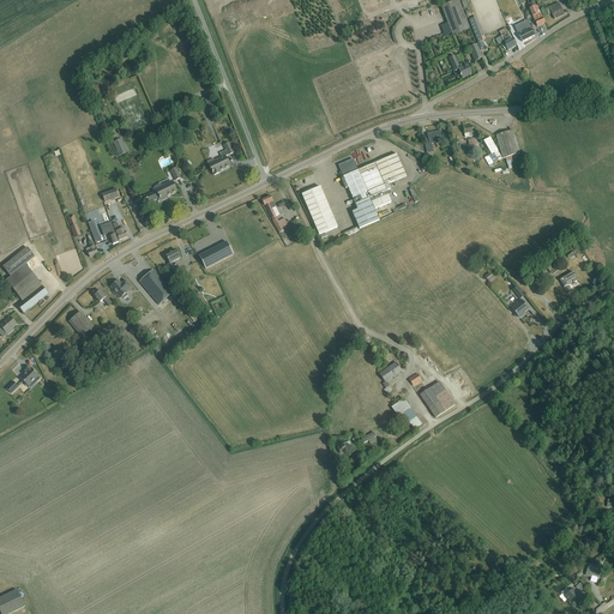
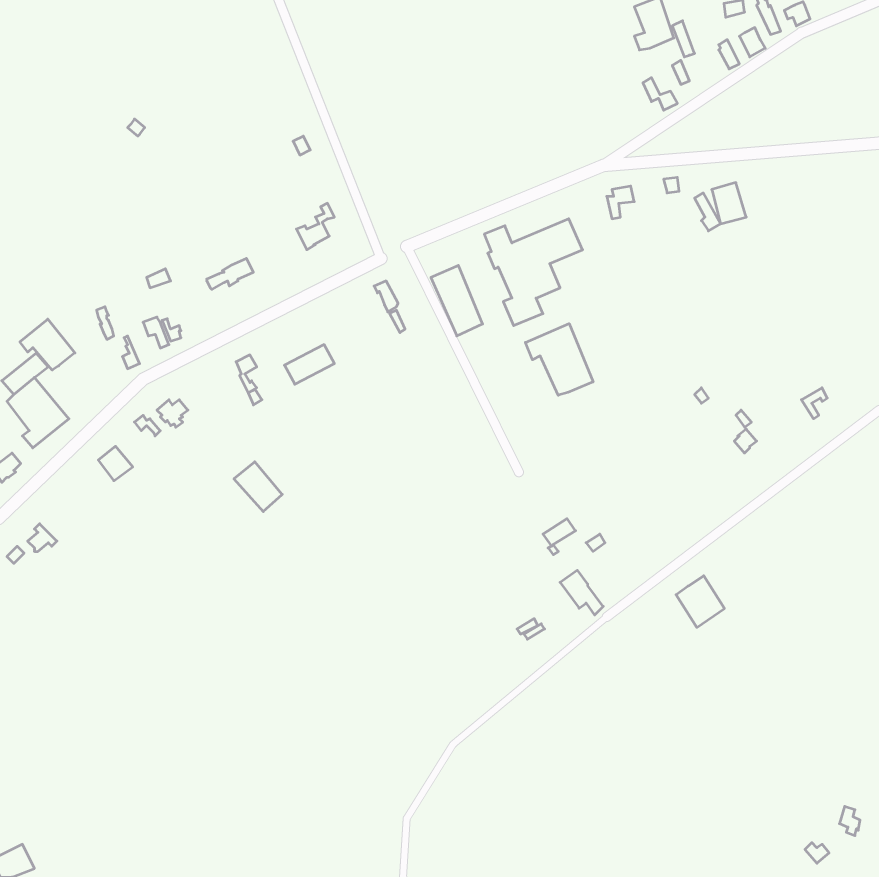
building: none -> [20,319,75,370]
building: none -> [525,324,593,395]
building: [138,269,171,303] -> [234,462,282,512]
building: [420,380,453,416] -> [676,576,724,627]

